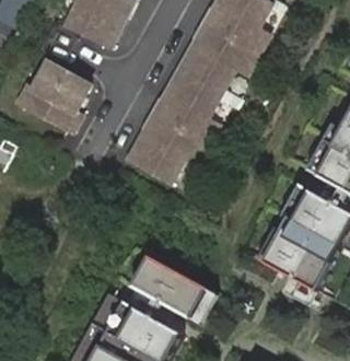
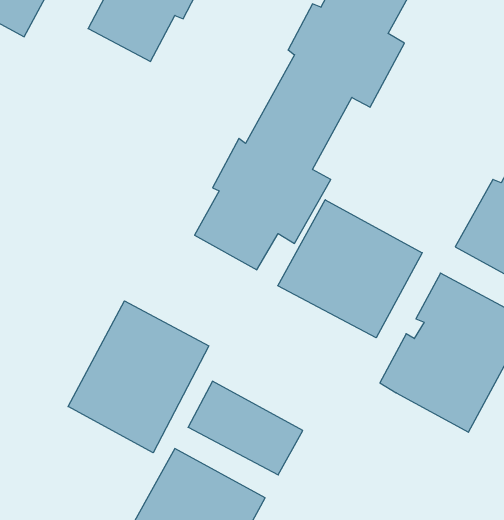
building: [22,60,95,130] -> none
building: none -> [278,200,422,338]
building: none -> [68,301,209,453]

